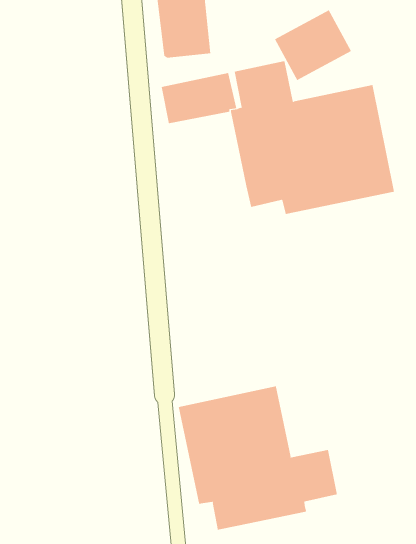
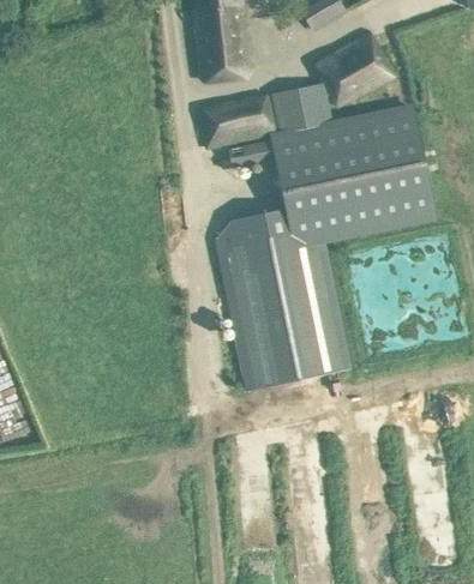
building: none -> [217,210,352,390]
building: [178,385,338,530] -> none

